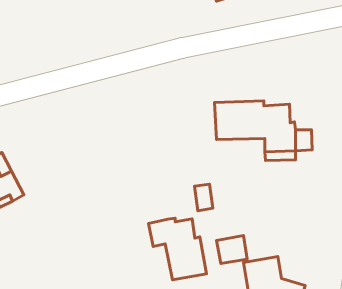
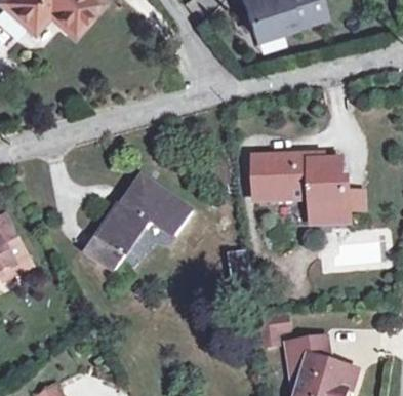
building: none -> [83,176,193,273]
building: [149,218,206,280] -> none

